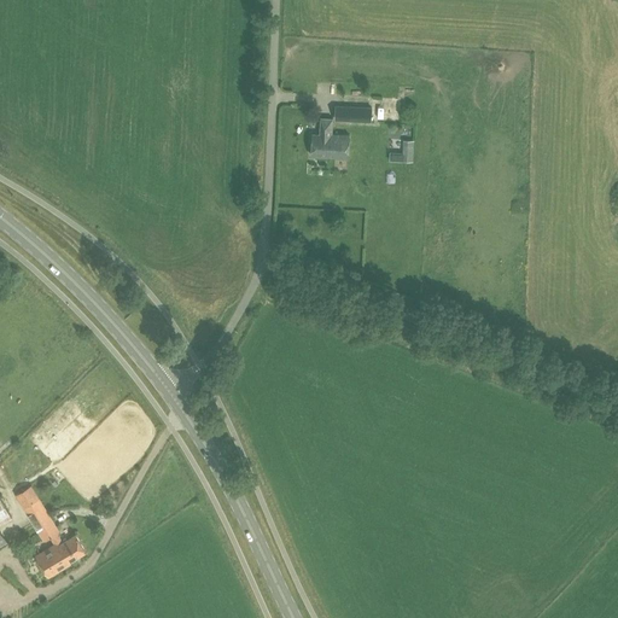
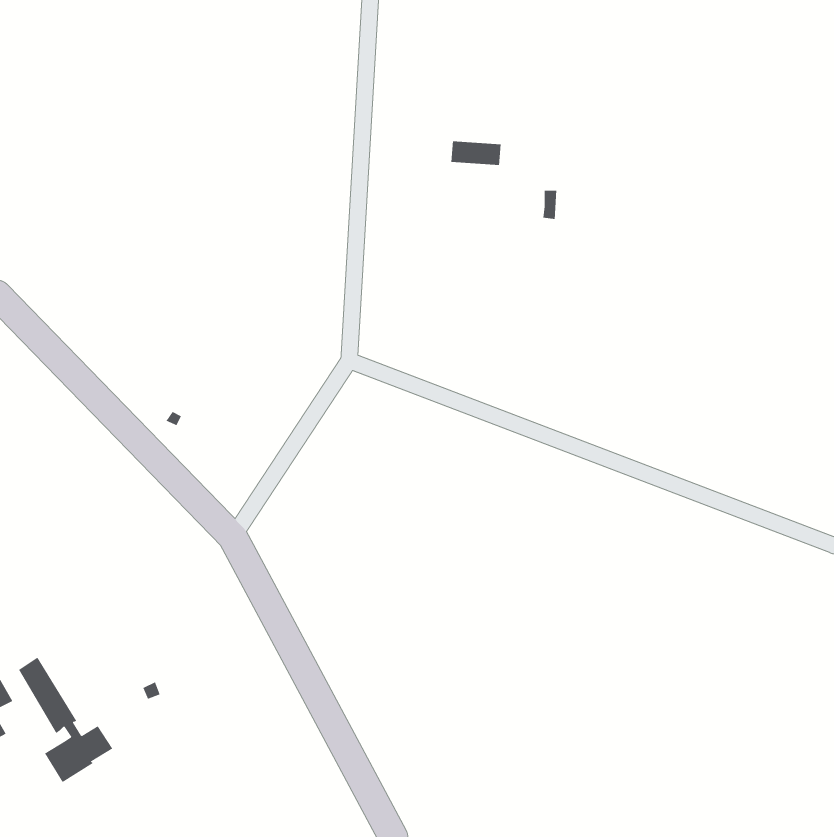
building: [309,117,346,157] -> none

